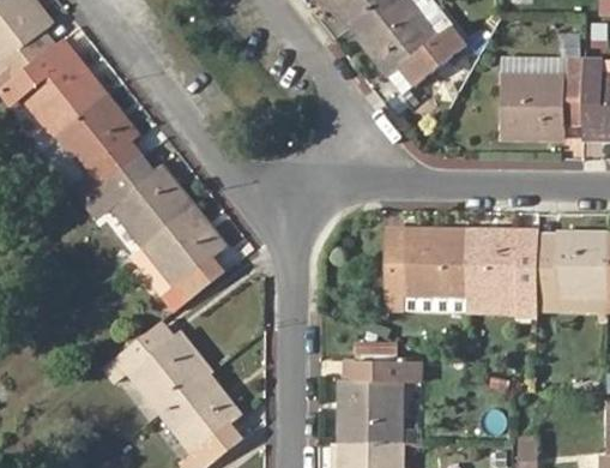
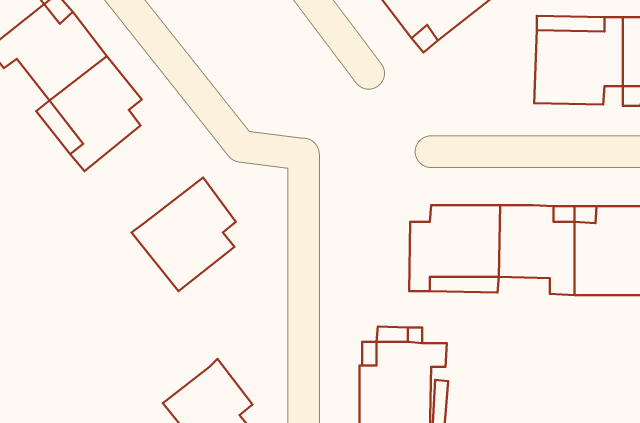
building: [87,158,197,247] -> none
building: [103,326,210,414] -> none

